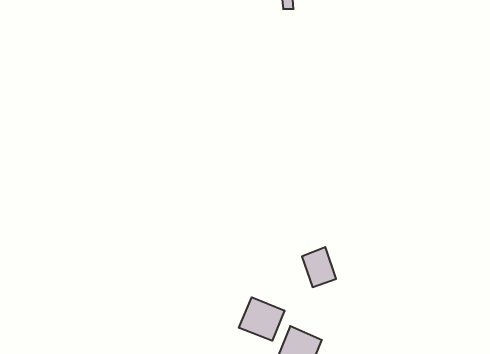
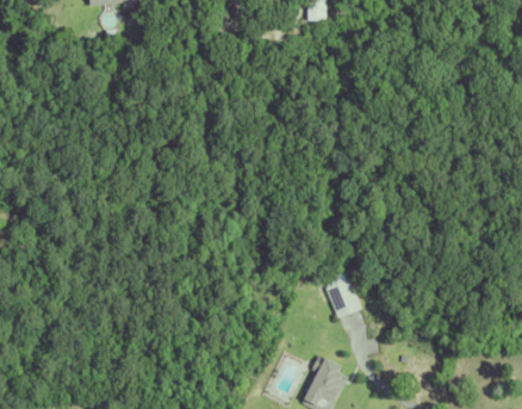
building: [239,297,284,341] -> none

